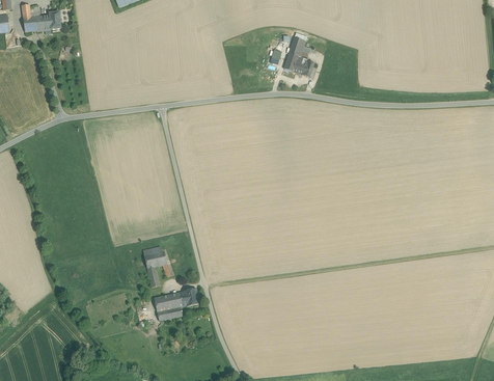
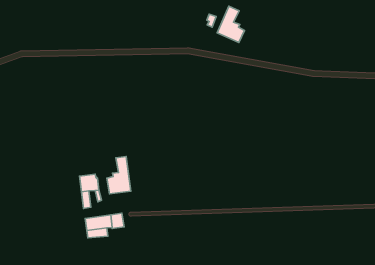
building: none -> [107,156,131,194]

